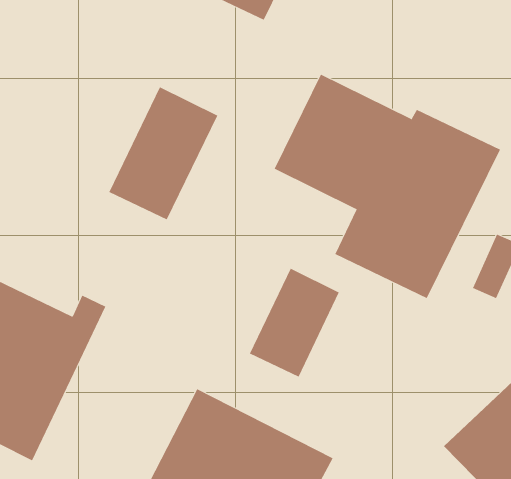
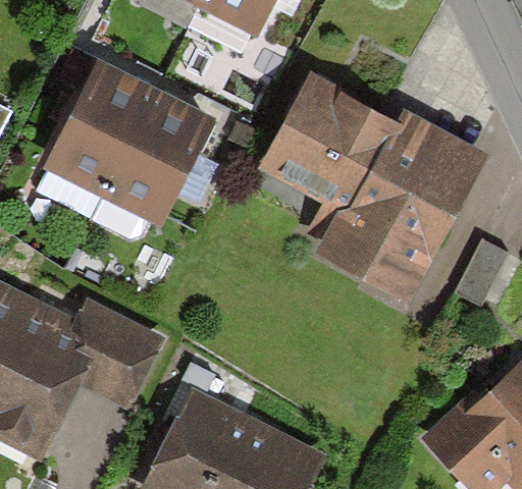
building: none -> [47,70,156,200]
building: [249,268,340,377] -> none
building: none -> [71,309,157,403]

